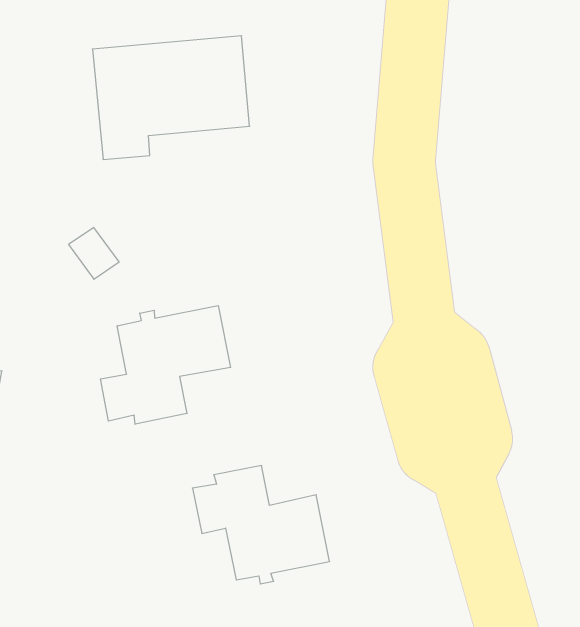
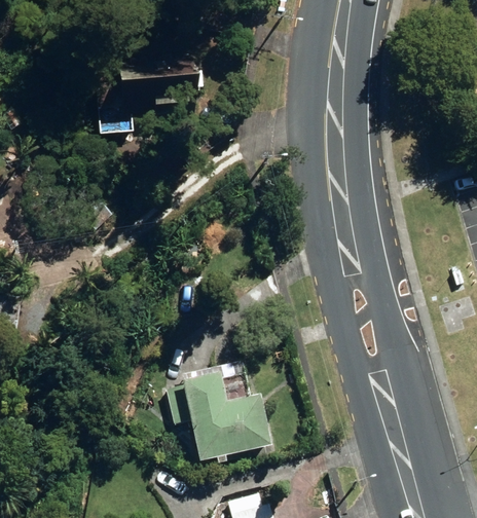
building: [100,306,231,424] -> none

